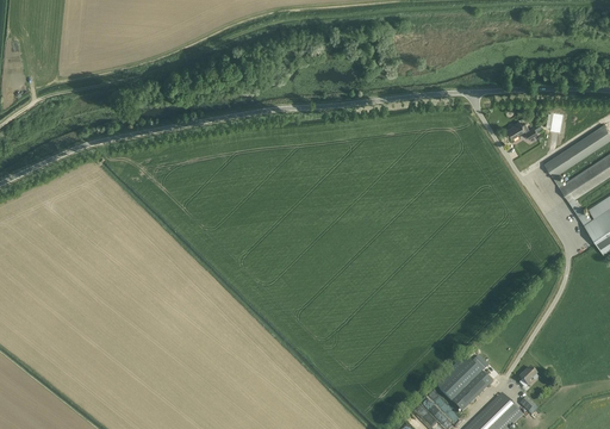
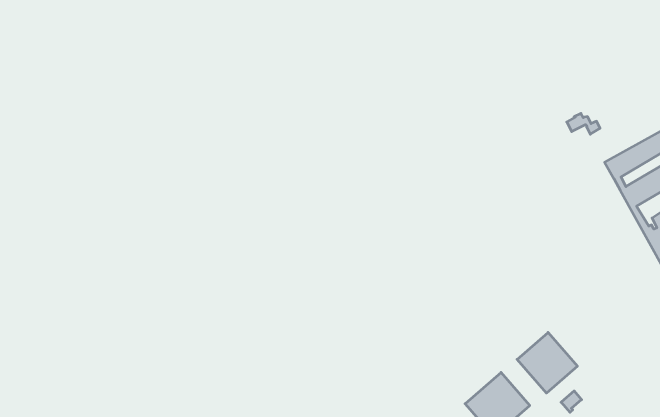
building: none -> [517,332,577,393]

